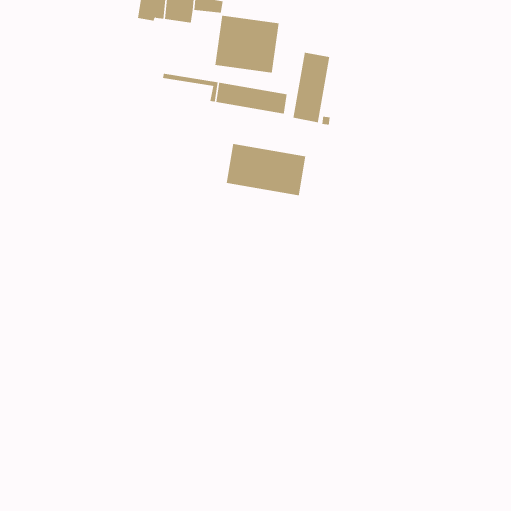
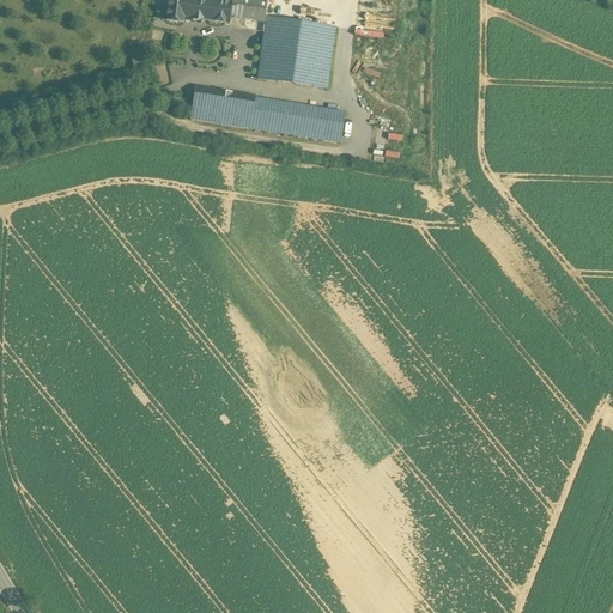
building: [293,52,330,123] -> none
building: none -> [190,93,254,121]
building: [226,143,306,196] -> none

